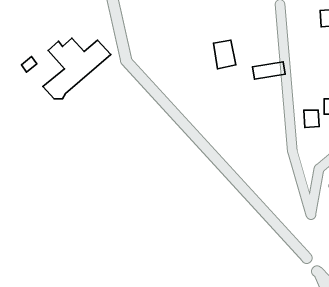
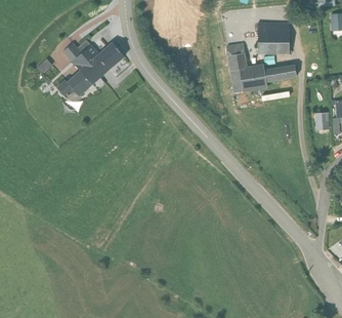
building: none -> [256,23,288,53]
building: none -> [230,68,266,93]

